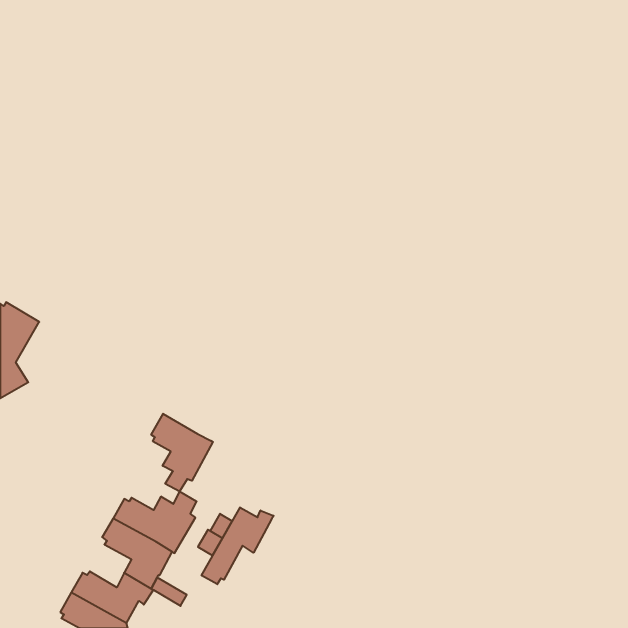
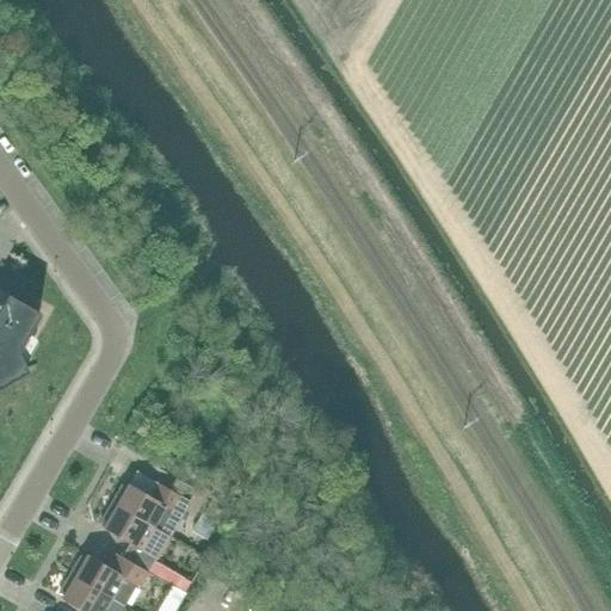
building: [151,414,213,492] -> none
building: [202,507,274,584] -> none

